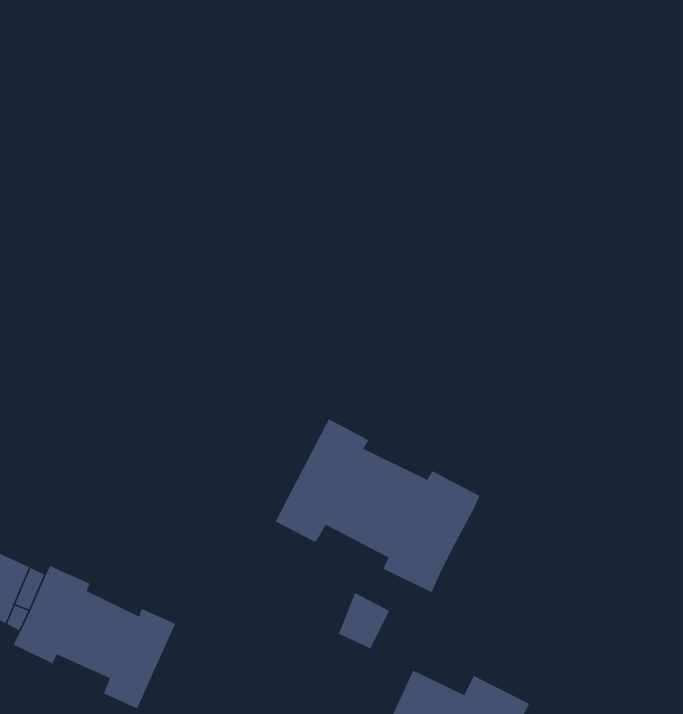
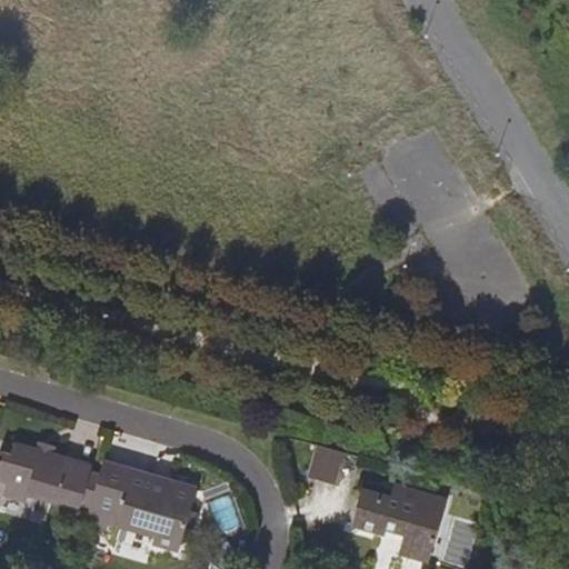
building: [275,418,480,593] -> none

